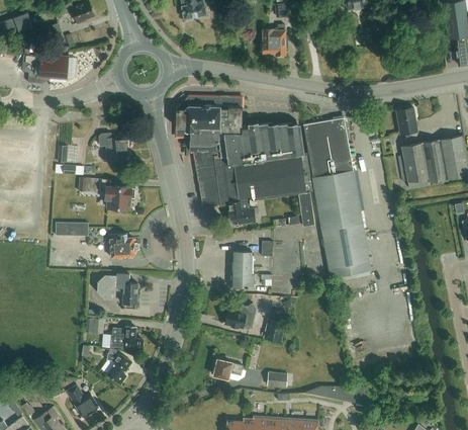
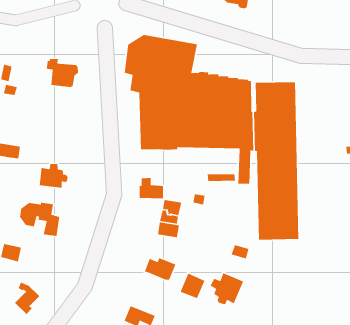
building: [79,178,134,209] -> none
building: [228,202,255,225] -> [139,177,164,199]
building: none -> [210,272,244,305]
building: [110,328,143,350] -> none

